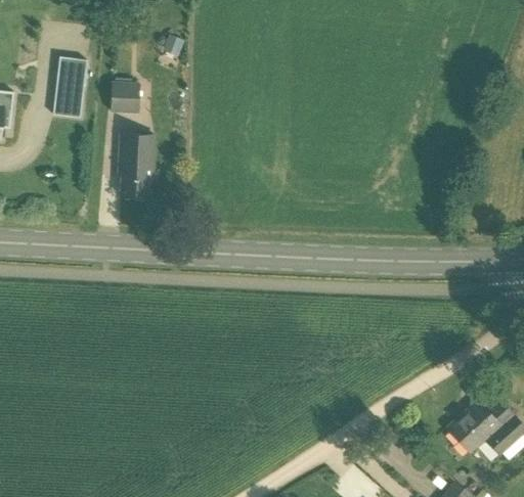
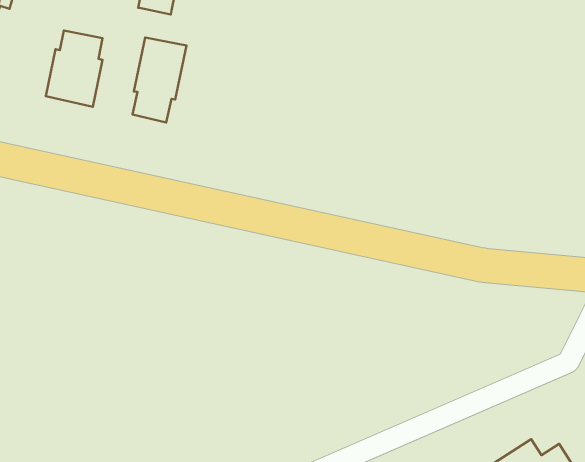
building: none -> [46,31,103,107]

